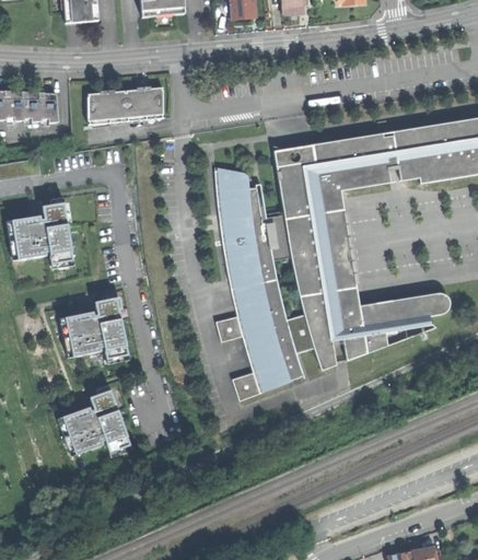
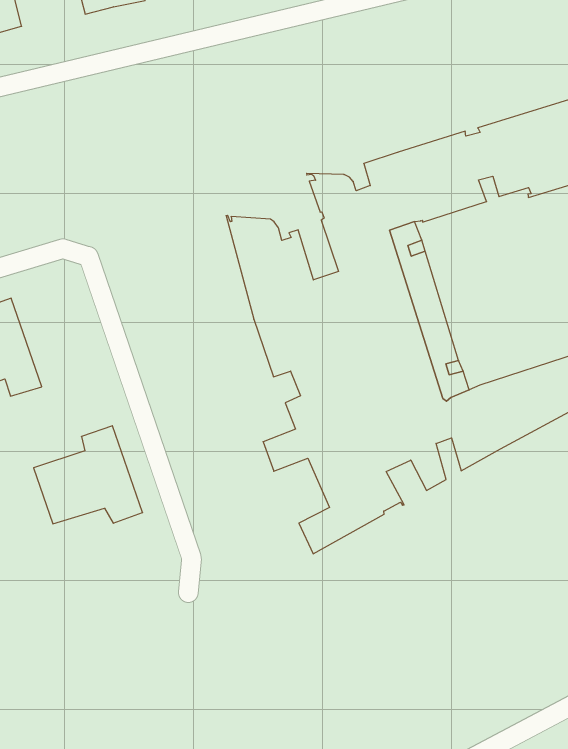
building: [88,86,164,120] -> none
building: [62,389,133,456] -> none

